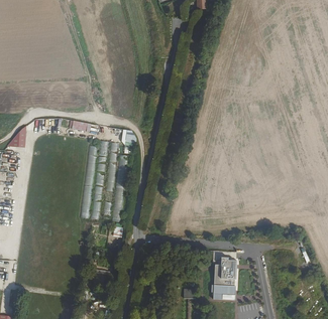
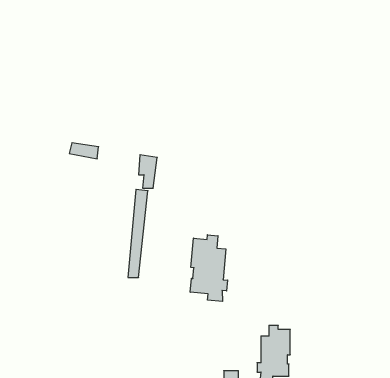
building: none -> [190,235,228,301]

